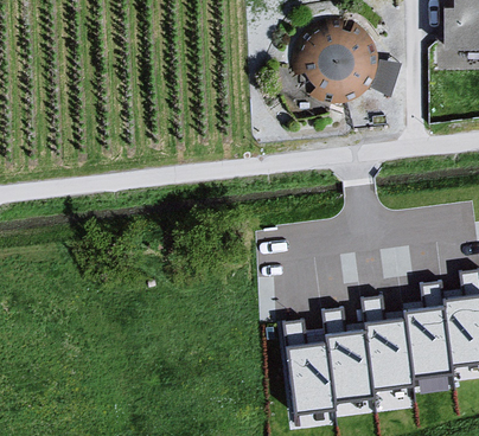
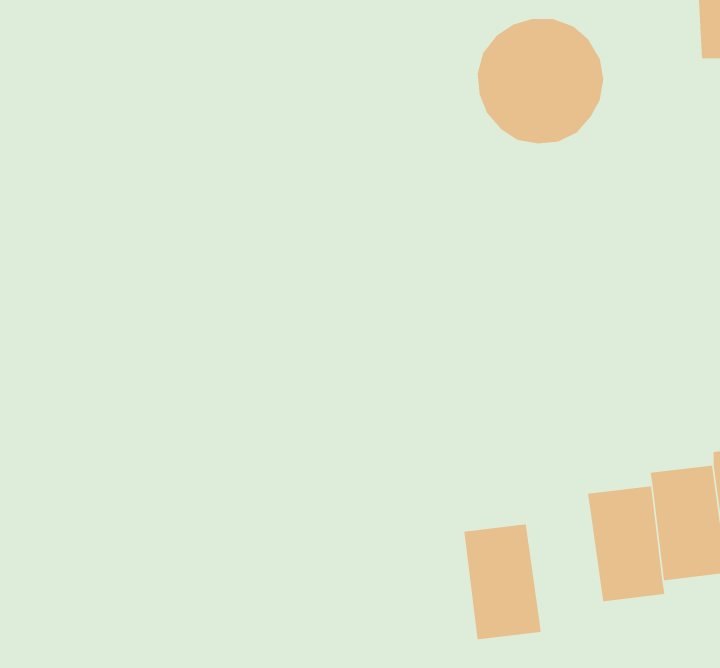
building: [332,328,379,398] -> none

